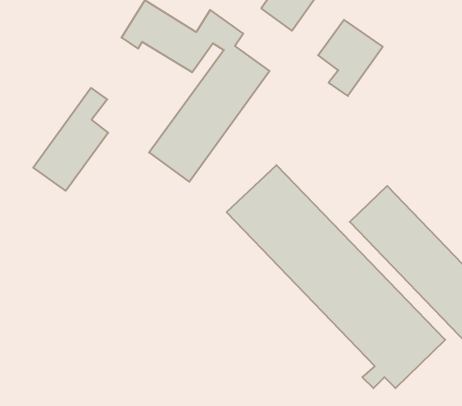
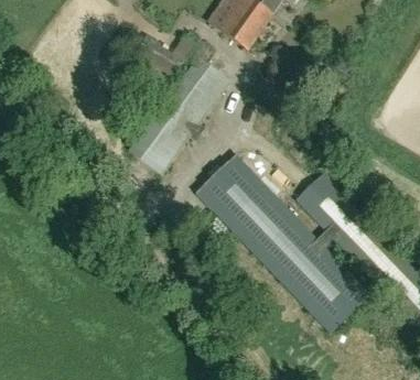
building: [318,20,383,96] -> none
building: [33,88,108,191] -> none

